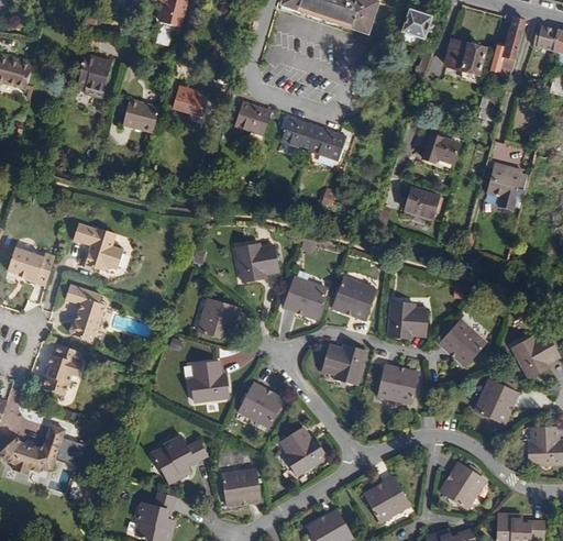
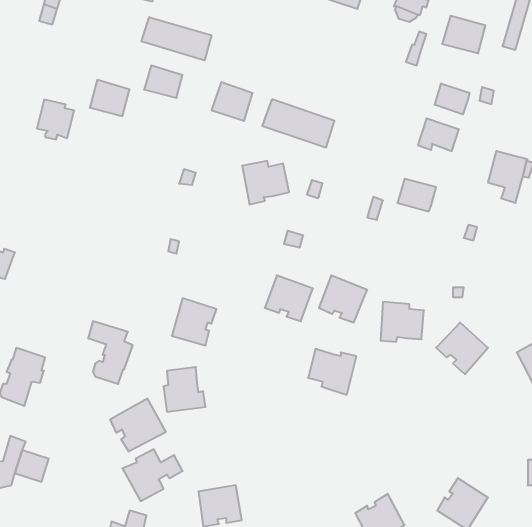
building: none -> [141,17,211,60]
building: [77,55,111,91] -> [37,100,74,139]
building: none -> [435,83,469,114]
building: [73,223,123,269] -> none
building: [236,243,279,283] -> [242,161,289,204]
building: [65,284,106,341] -> [88,321,133,384]
building: [378,364,418,404] -> none
building: [474,379,519,424] -> none
building: [238,383,284,427] -> none
building: none -> [110,399,166,452]
building: [280,427,327,475] -> none

